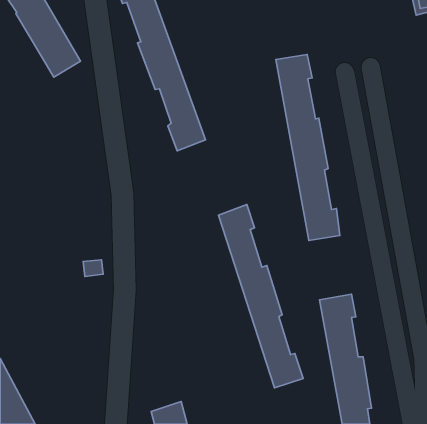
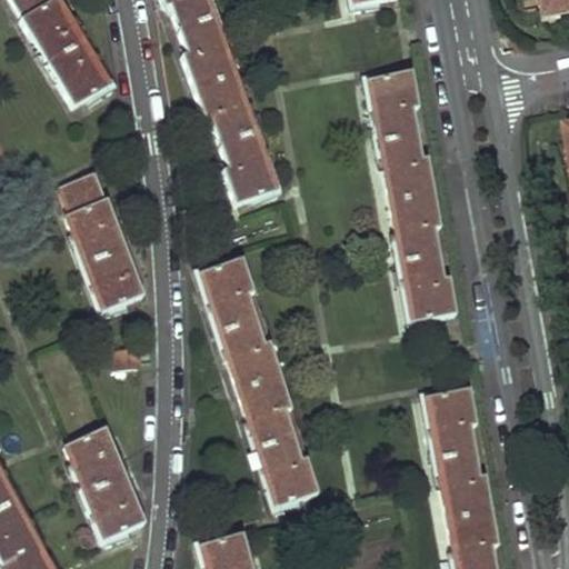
building: none -> [60,172,142,307]
building: [218,204,303,388] -> [202,259,315,502]
building: none -> [62,429,142,539]

